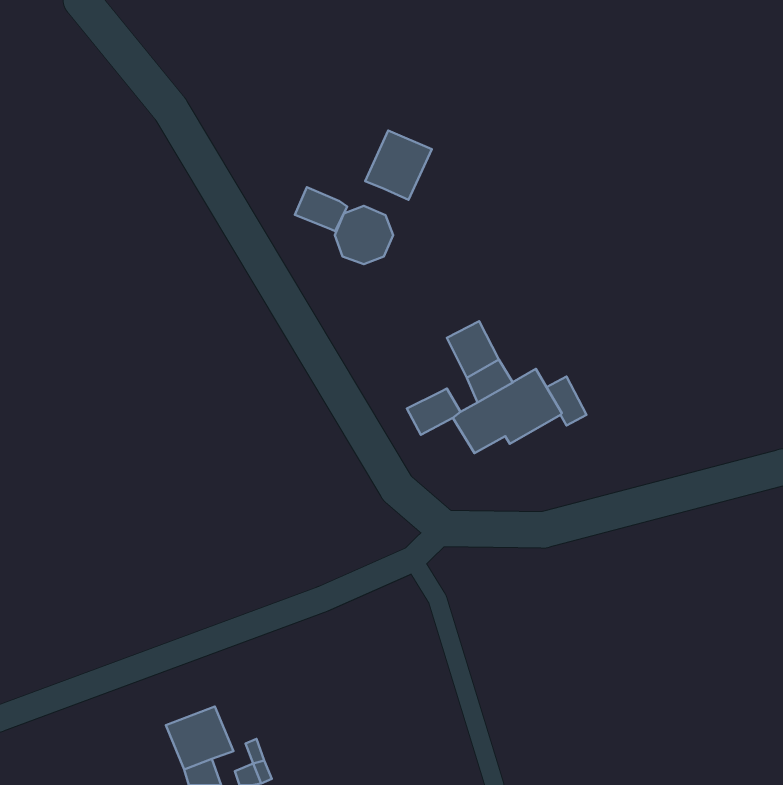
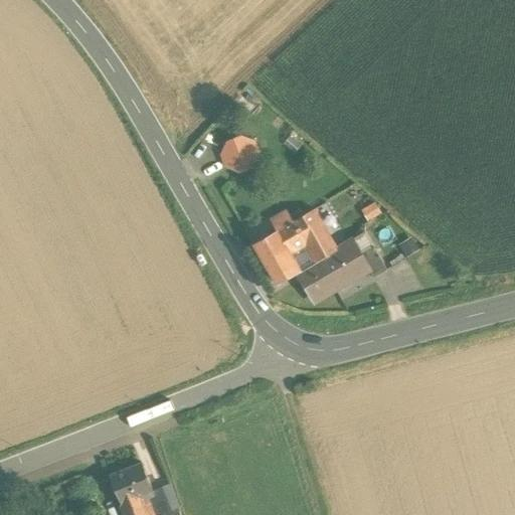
building: [365,131,432,200] -> none
building: [295,187,347,231] -> none
building: none -> [252,225,295,268]

